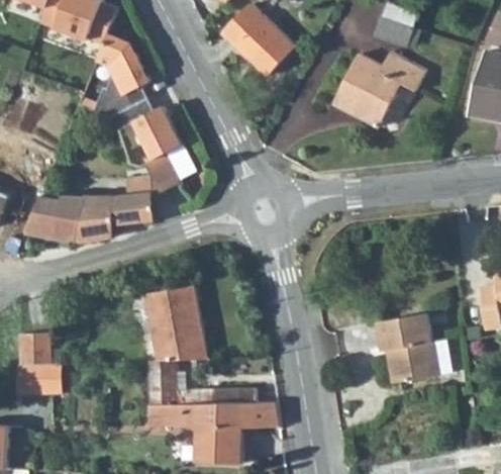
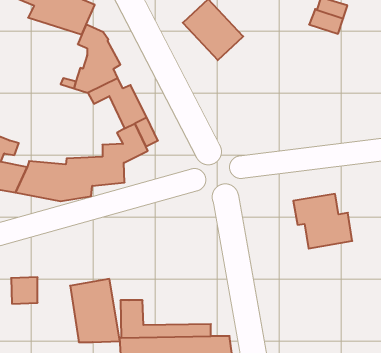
building: [333,52,424,126] -> none
building: [148,286,207,361] -> [70,279,120,342]
building: [374,312,443,377] -> [293,194,352,249]
building: [15,364,54,405] -> none

